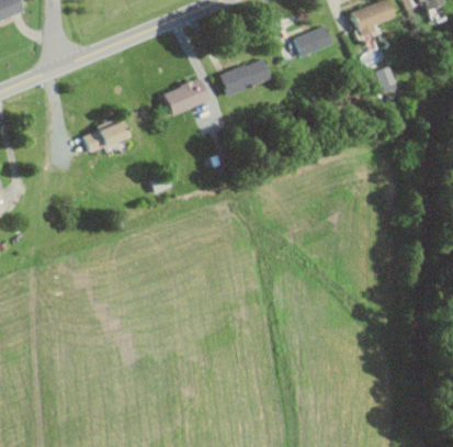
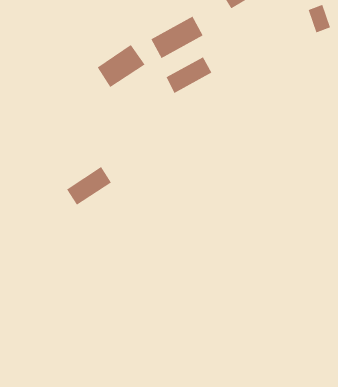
building: none -> [166,57,212,94]
building: [82,119,128,154] -> [66,166,112,206]

